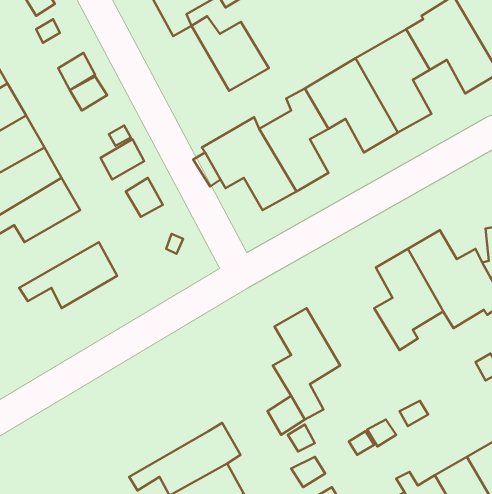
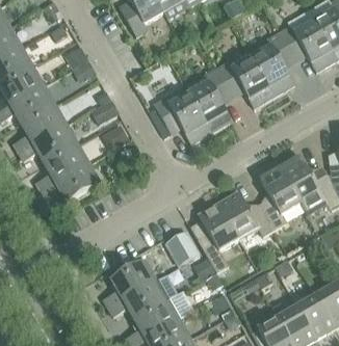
building: [192,16,269,91] -> none
building: none -> [36,143,90,191]
building: none -> [218,191,276,239]
building: none -> [167,232,201,266]
building: none -> [104,259,158,308]

